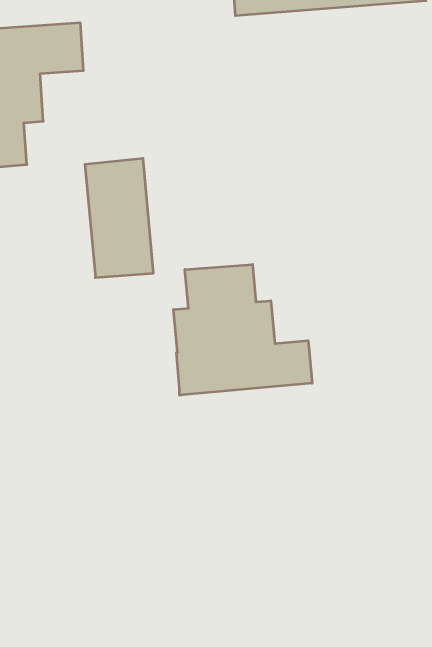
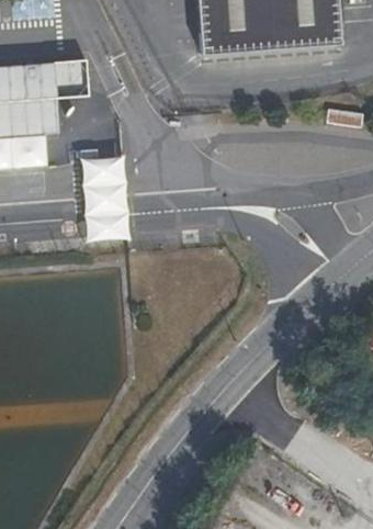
building: [174,264,312,395] -> none

